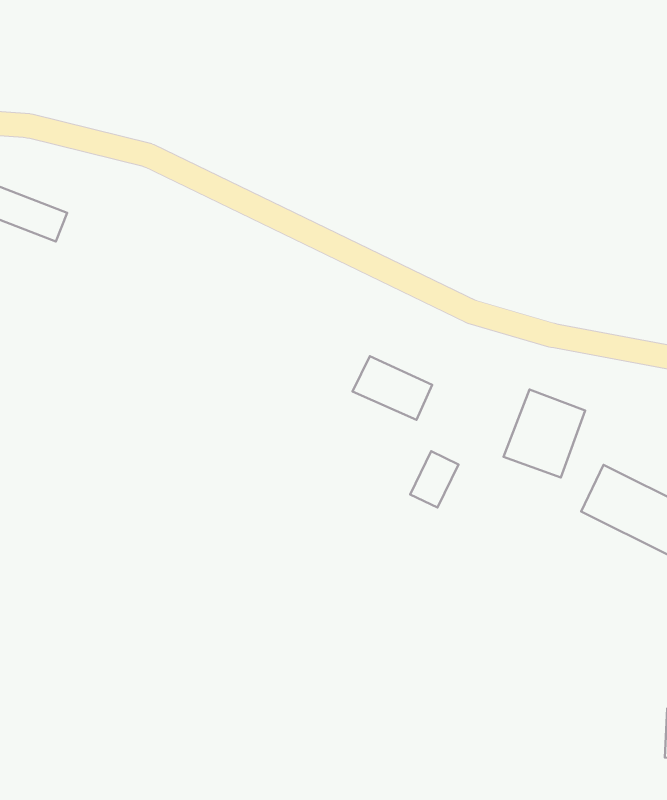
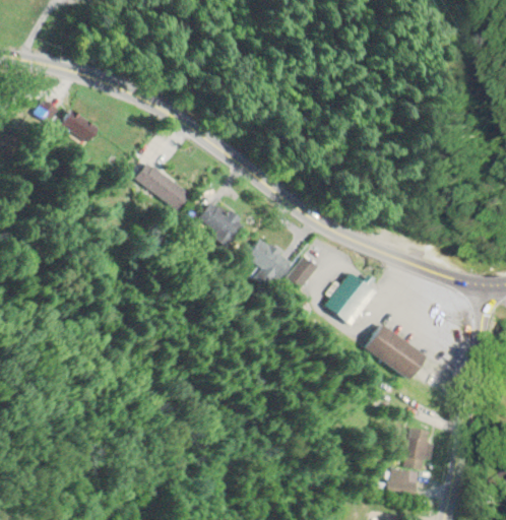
building: none -> [134,161,192,210]
building: none -> [195,199,246,244]
building: [410,451,459,508] -> [287,257,317,289]

